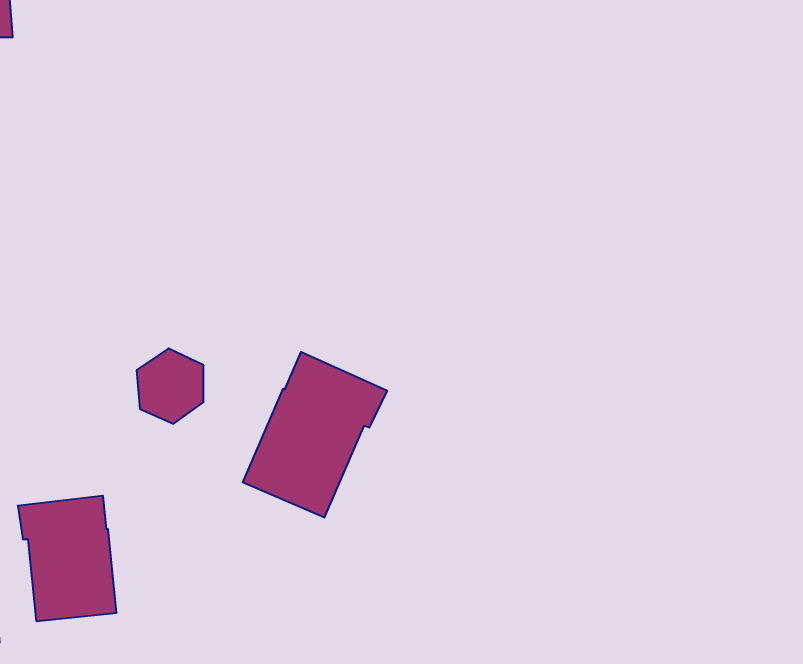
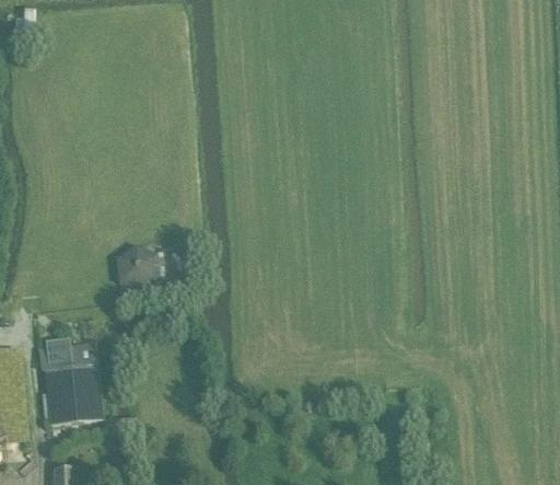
building: [243,352,387,518] -> none

